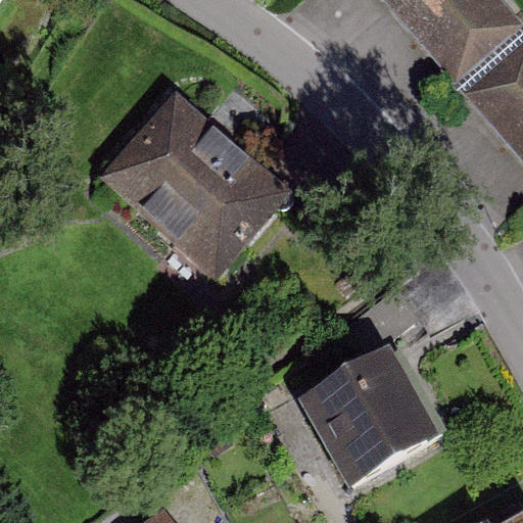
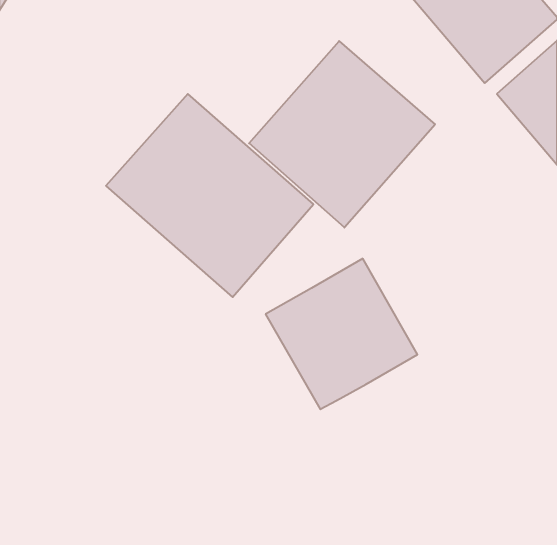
building: none -> [249,41,435,228]
building: [298,348,440,489] -> [266,259,417,409]

